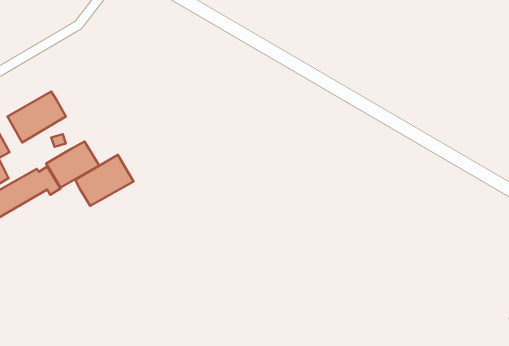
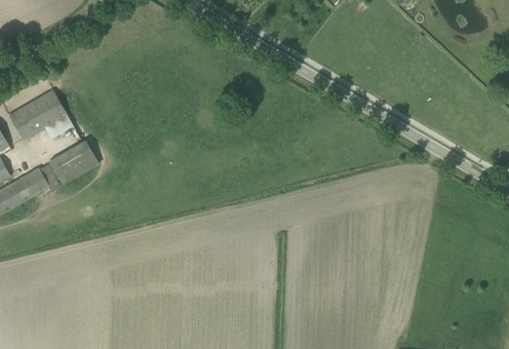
building: [75,155,134,206] -> none

